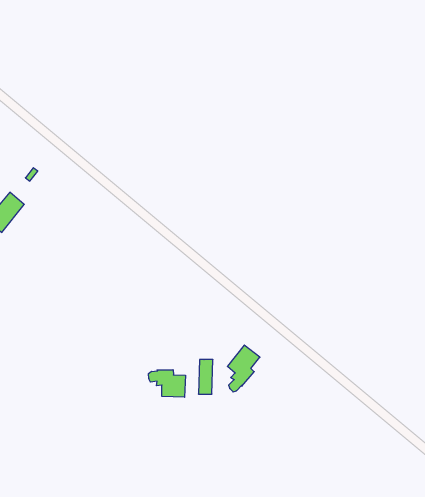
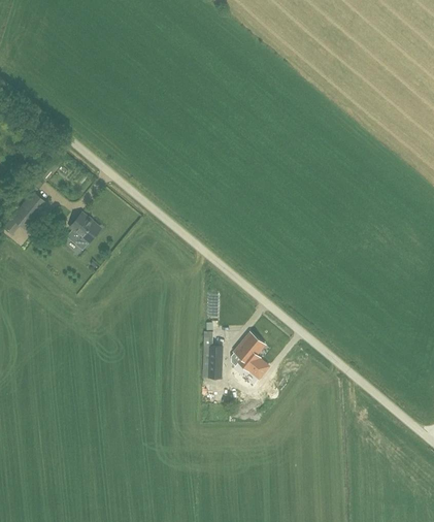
building: none -> [70,213,100,250]
building: [149,370,185,397] -> none

